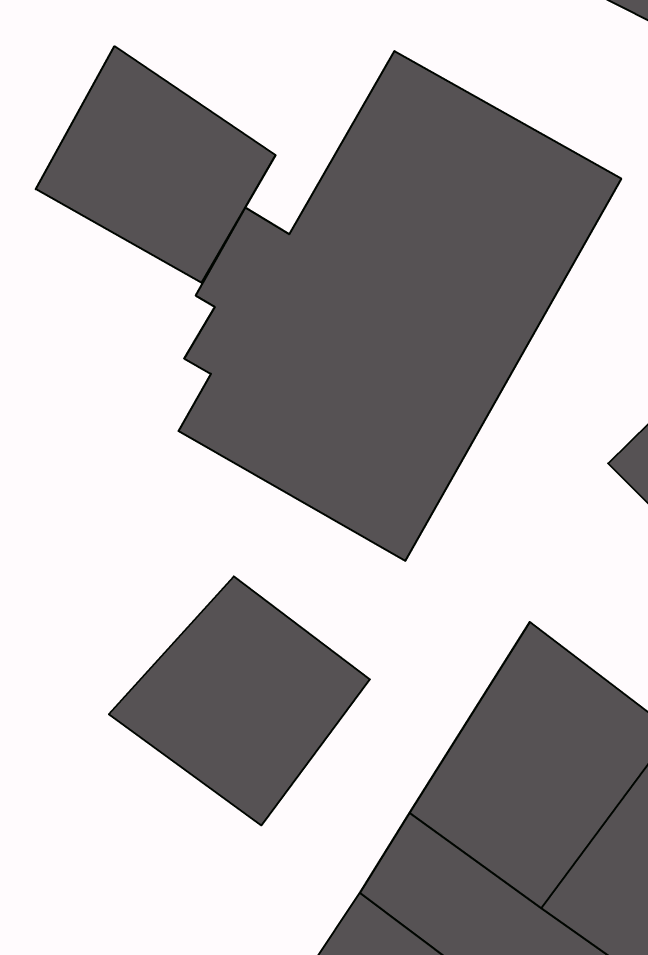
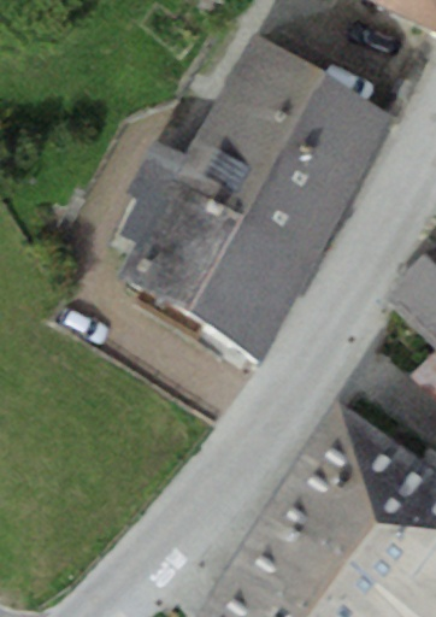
building: [36,46,276,283] -> none
building: [109,576,370,825] -> none

